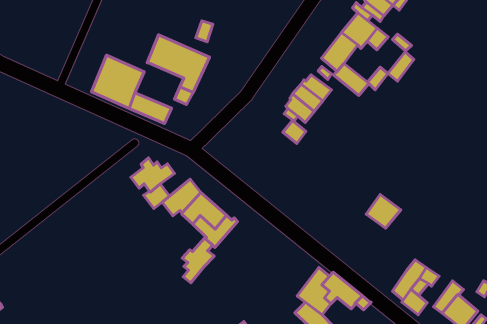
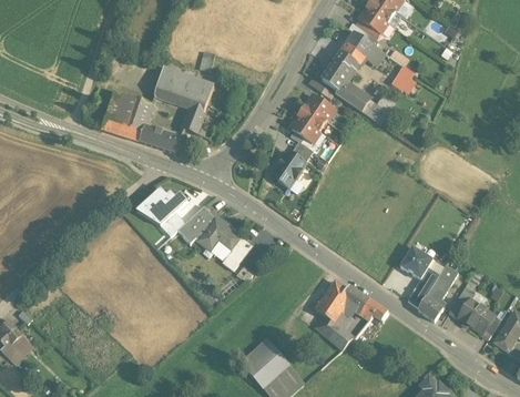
building: none -> [274,152,305,187]
building: [366,195,401,228] -> [400,246,434,278]
building: [182,238,214,283] -> none

